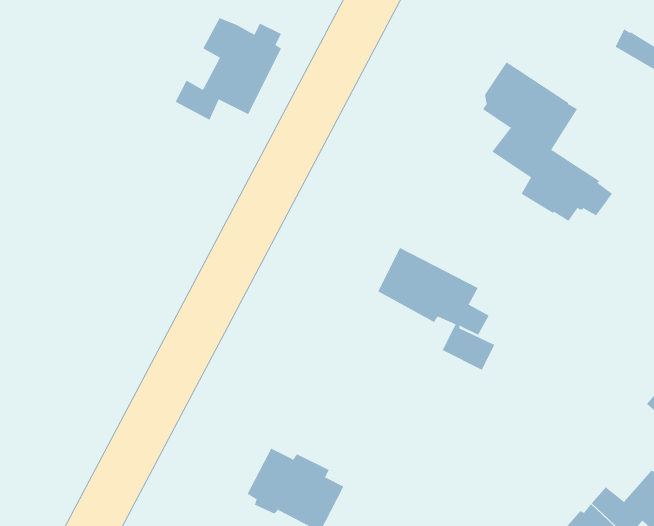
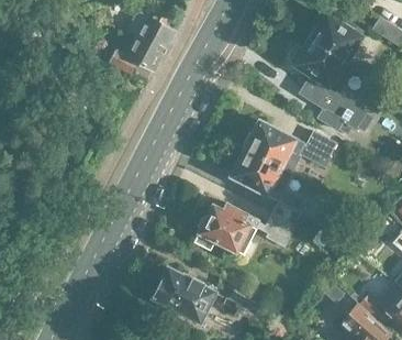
building: none -> [308,15,361,64]
building: none -> [244,122,335,174]
building: none -> [193,204,293,252]

